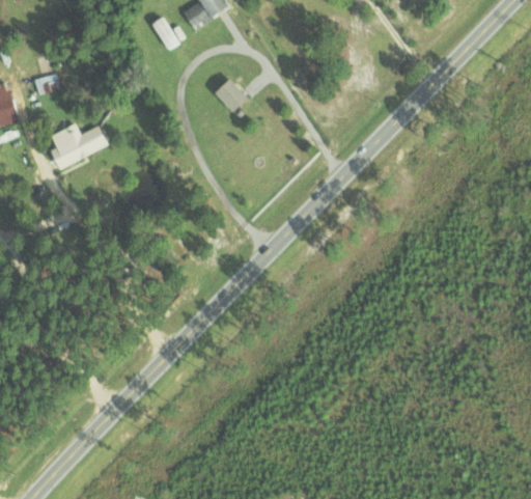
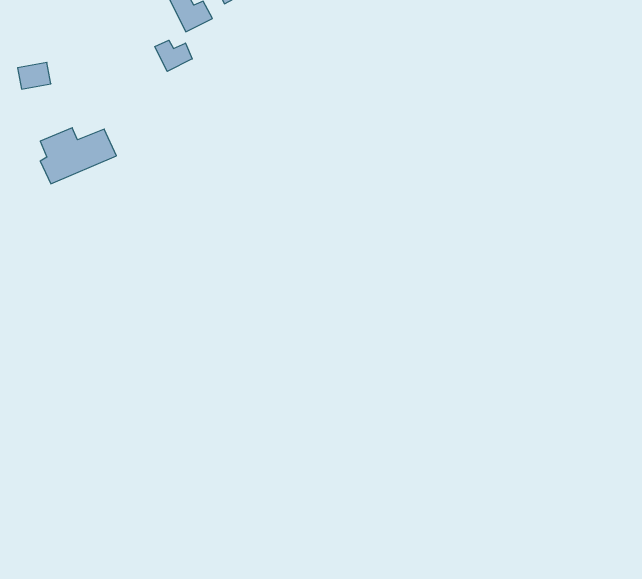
building: none -> [155,40,192,71]
building: [219,79,250,111] -> none

